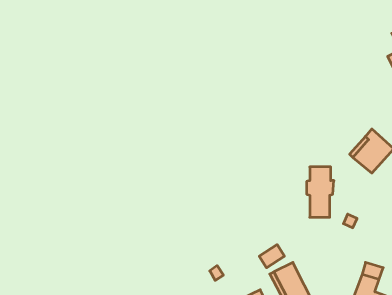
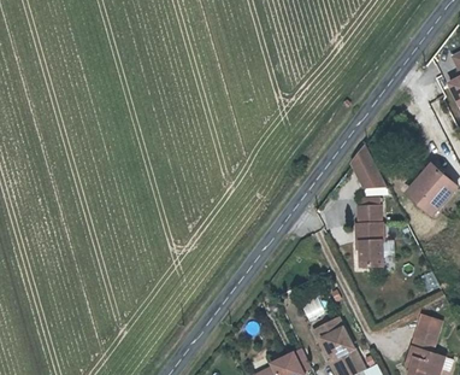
building: none -> [350,145,387,188]

